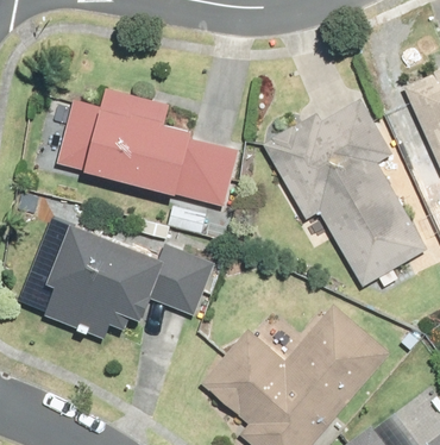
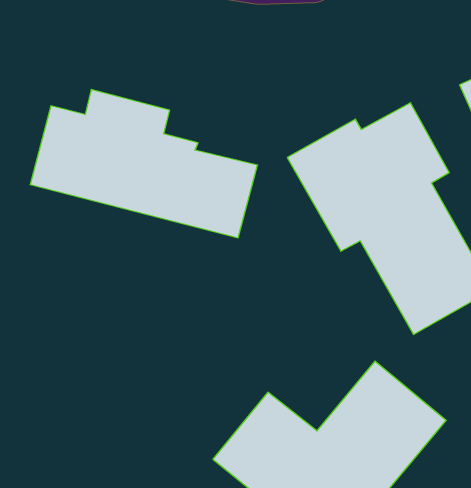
building: [45,224,214,337] -> none

